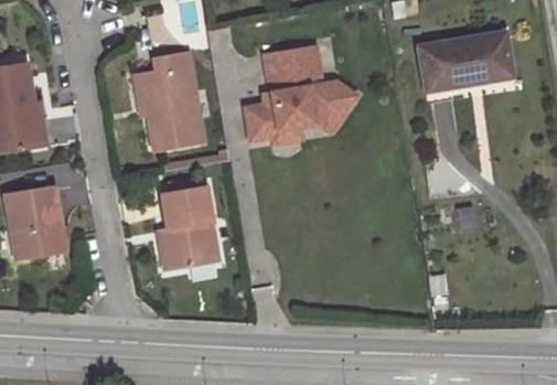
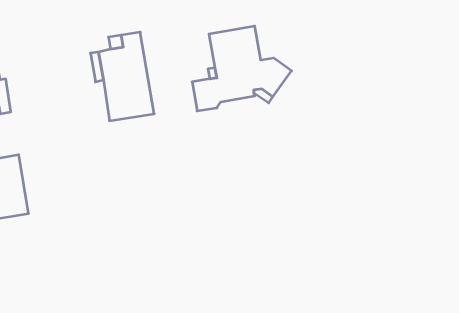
building: [420,34,510,88] -> none
building: [161,185,218,266] -> none

